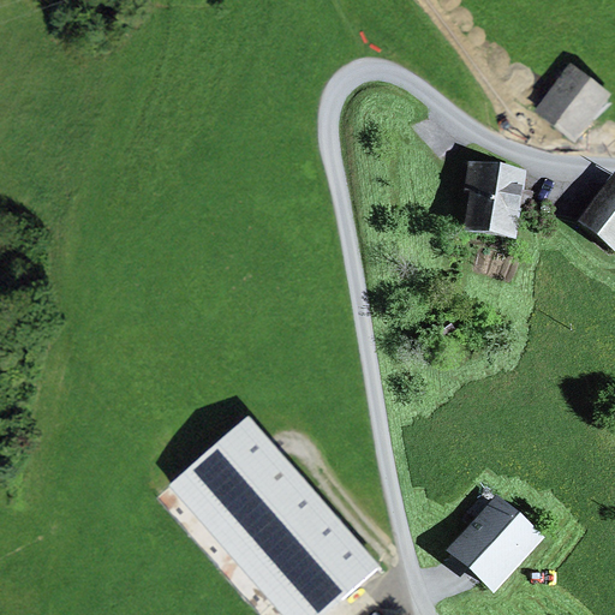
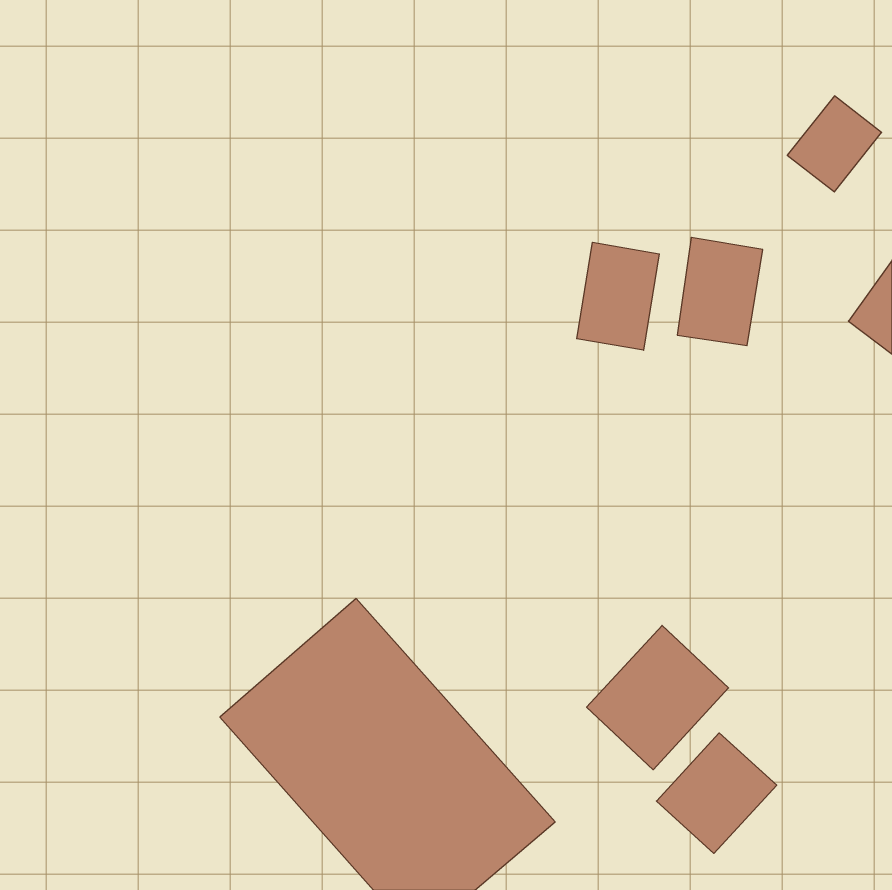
building: none -> [577,242,659,350]
building: none -> [587,625,729,770]

